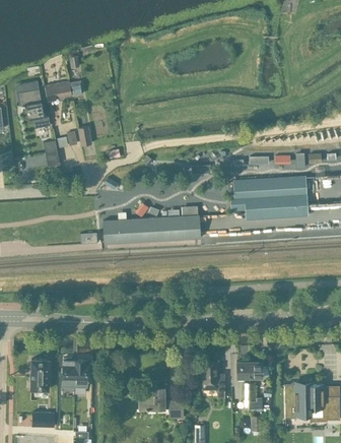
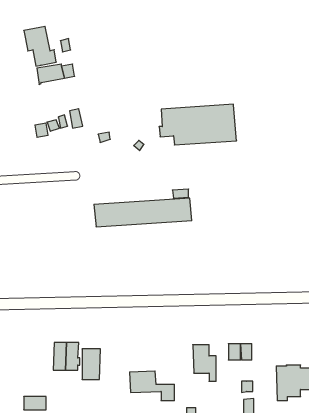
building: [15,81,48,121] -> [24,26,56,66]
building: [230,177,308,217] -> [159,104,237,145]
building: [30,360,49,390] -> [82,349,100,379]

